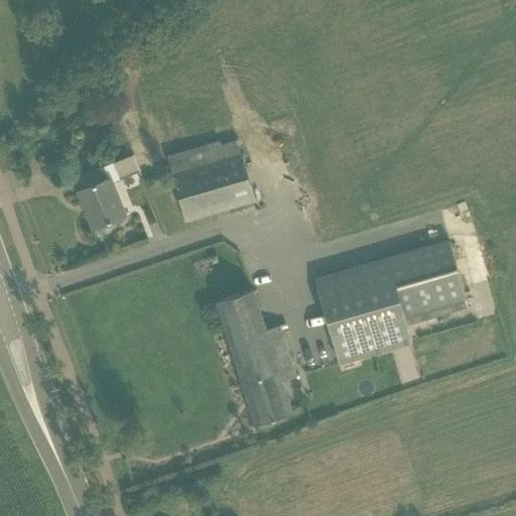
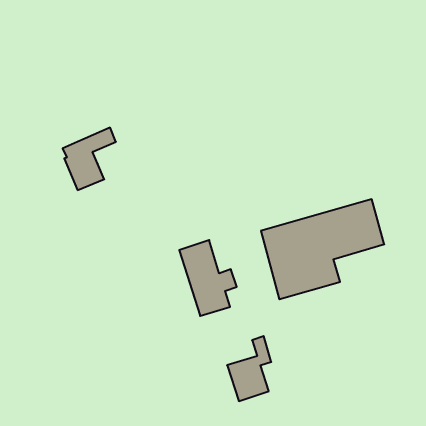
building: [166,140,255,223] -> none
building: [242,347,295,425] -> [227,336,271,401]

